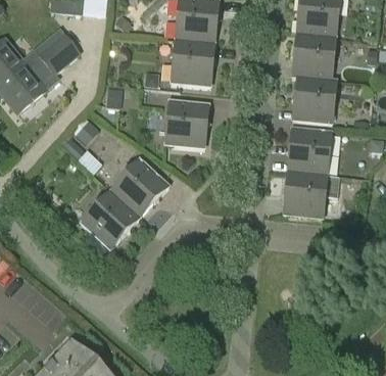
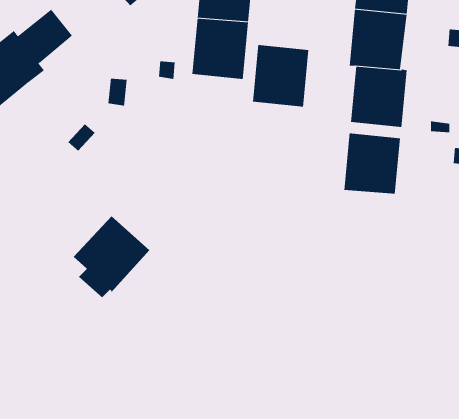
building: [164,99,208,147] -> [252,45,309,107]
building: [109,157,168,217] -> none
building: [283,171,339,218] -> none

